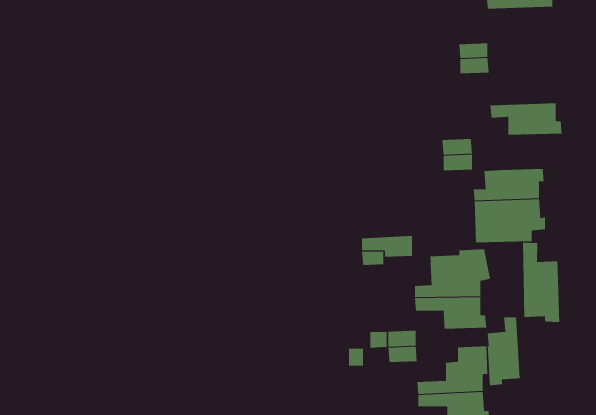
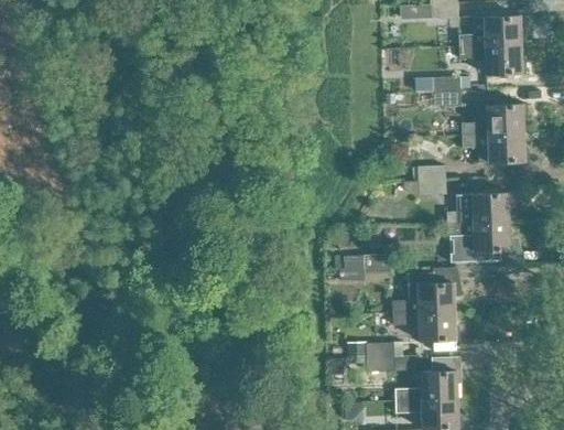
building: none -> [458,44,524,74]
building: none -> [460,104,525,135]
building: [523,242,560,323] -> none
building: [487,316,520,386] -> none

